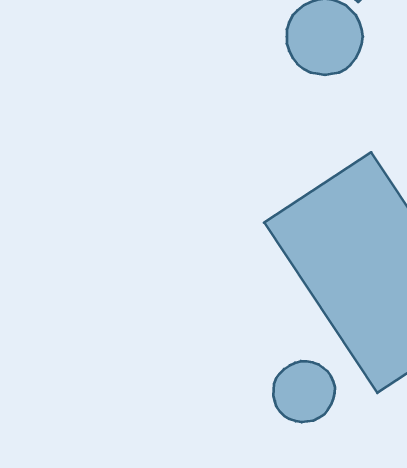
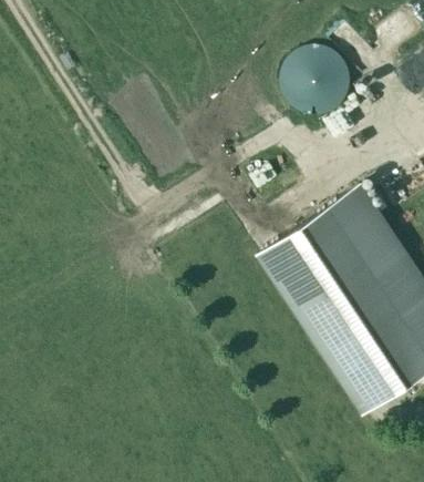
building: [273,361,335,422] -> none

